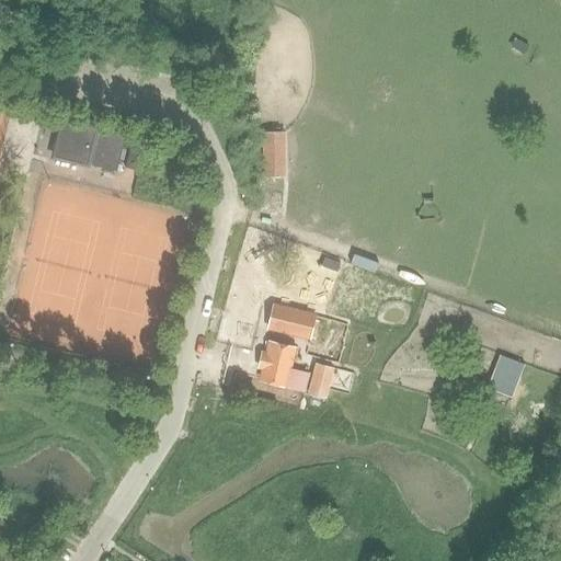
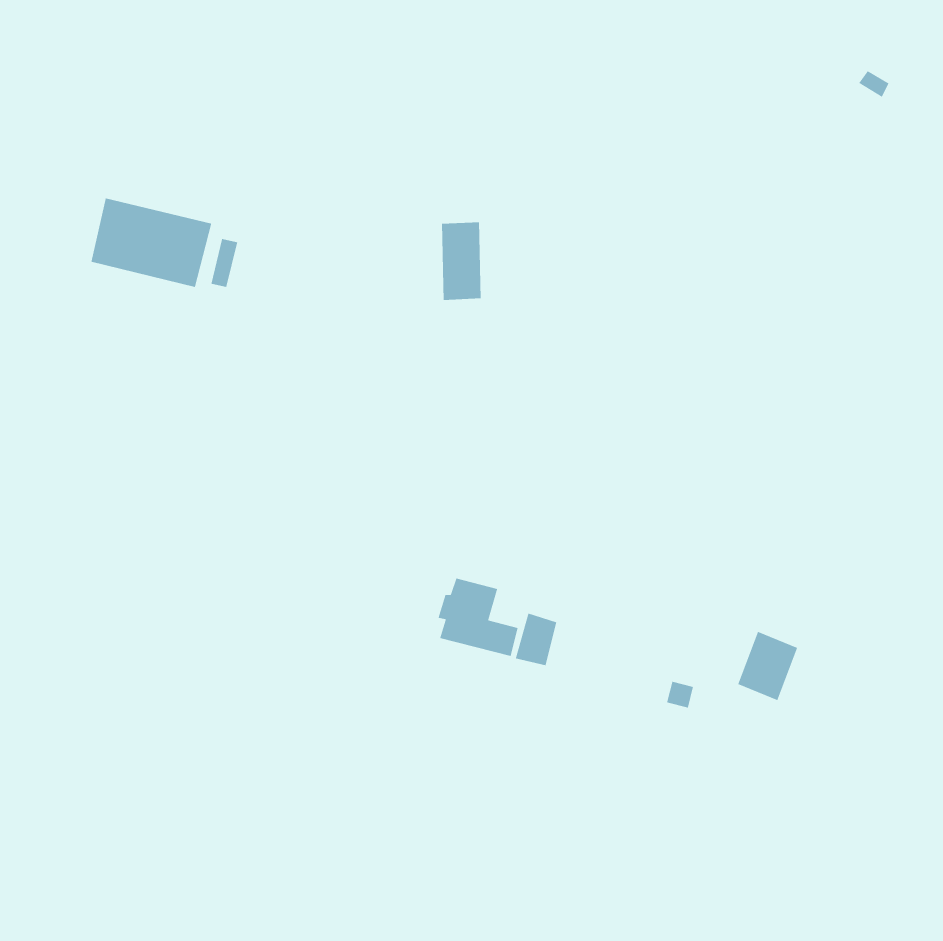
building: [267,306,317,343] -> none
building: [488,355,524,397] -> [737,631,798,701]

